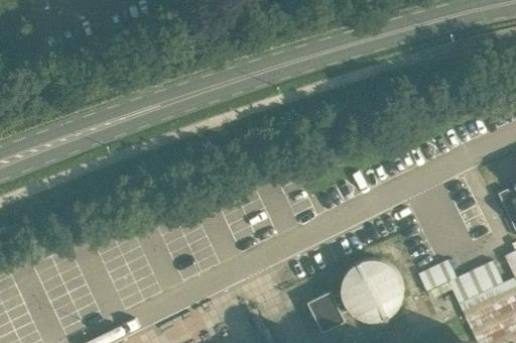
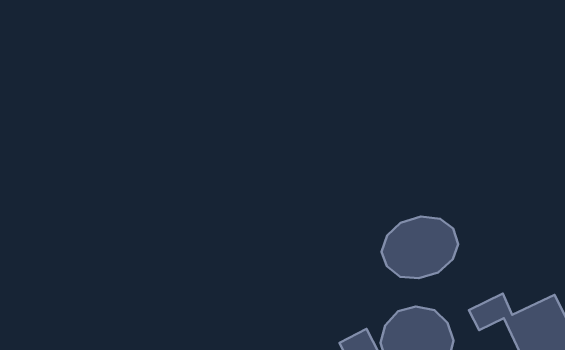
building: none -> [381,216,458,278]

